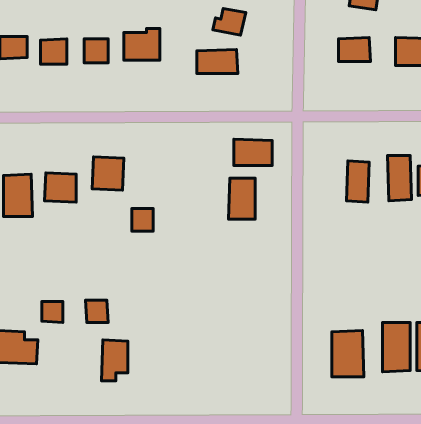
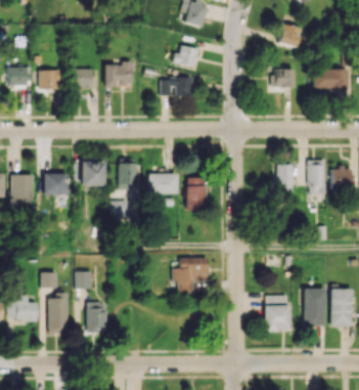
building: [234,139,272,166] -> [148,173,178,193]
building: none -> [118,163,136,188]
building: none -> [172,258,208,292]
building: none -> [48,295,70,329]

